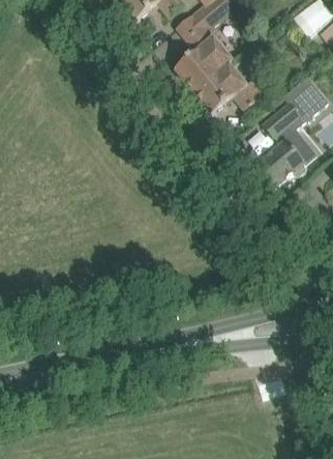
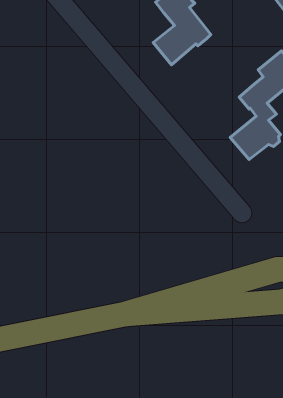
building: [193,62,264,111] -> none

